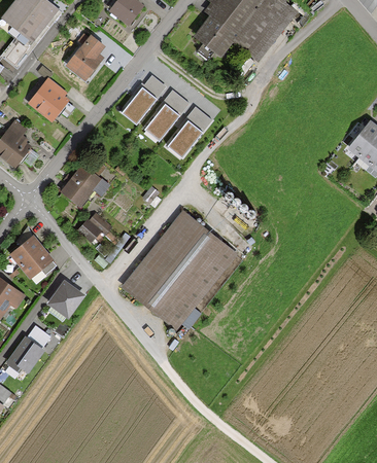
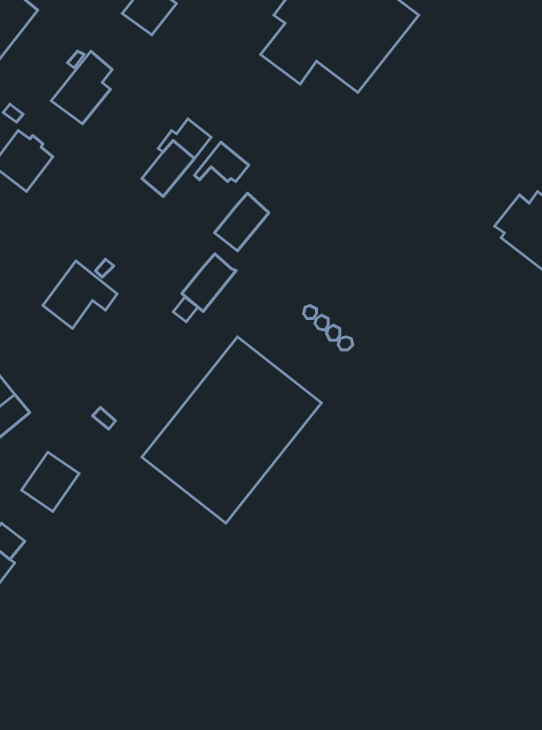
building: [145,105,179,141] -> [182,254,236,312]
building: [178,107,211,131] -> none
building: [76,216,105,245] -> none

